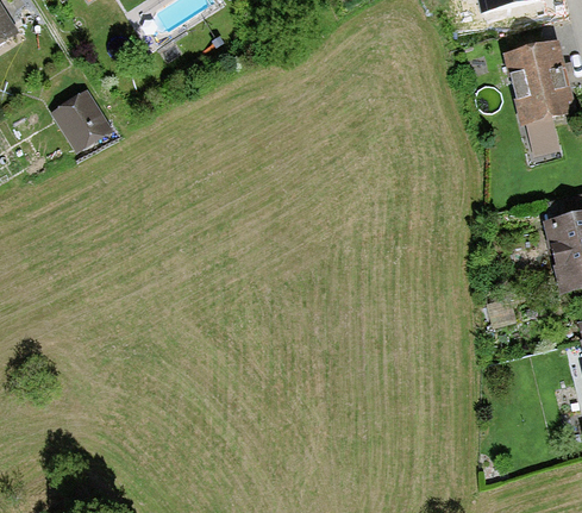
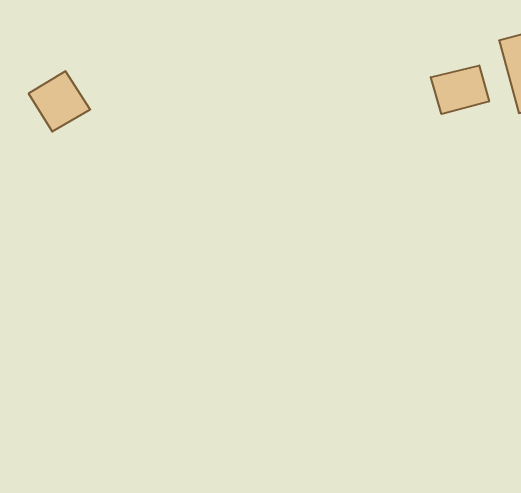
building: none -> [431,65,489,114]

